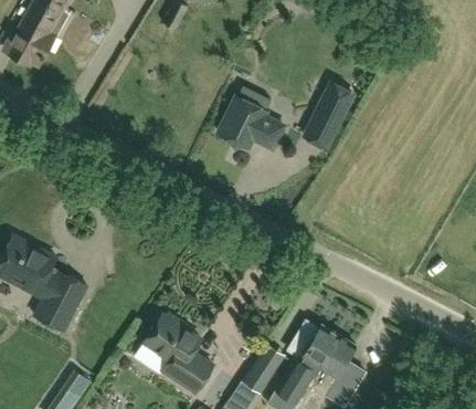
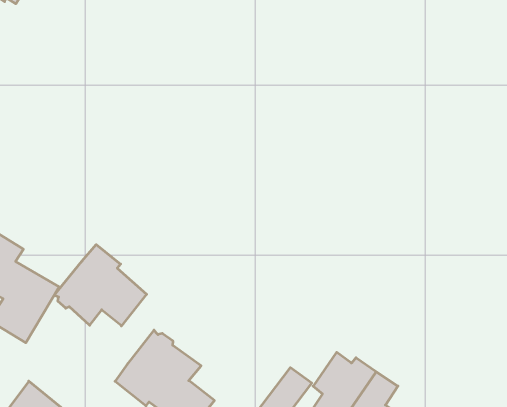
building: [304,84,352,148] -> none
building: [218,86,284,149] -> none
building: none -> [54,245,147,326]

